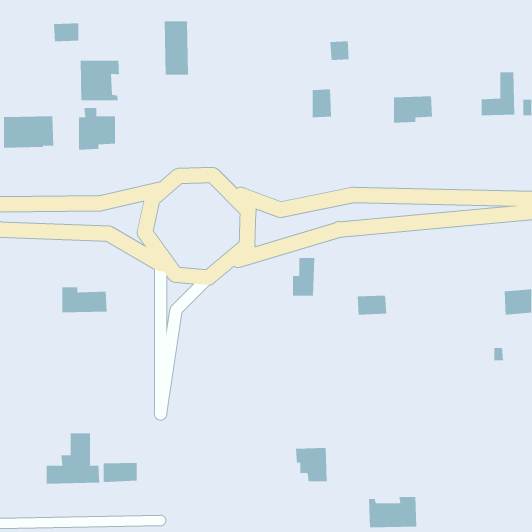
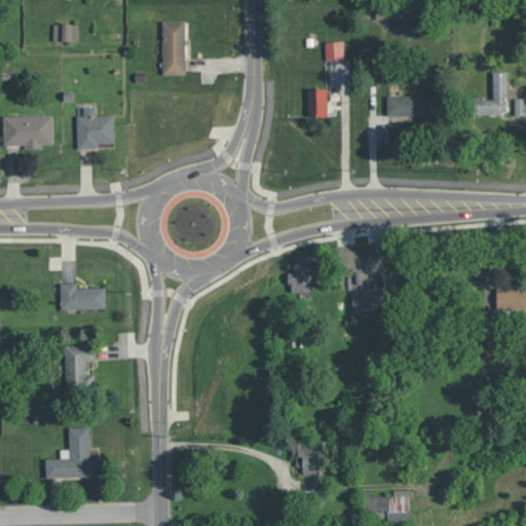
building: [80,60,120,101] -> none
building: none -> [65,344,93,387]
building: [103,462,137,483] -> none

